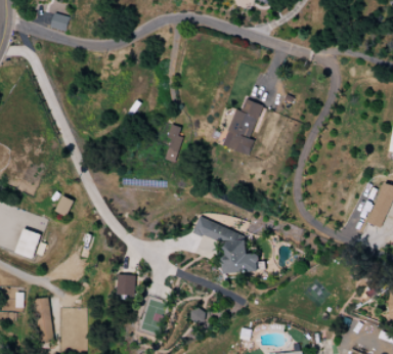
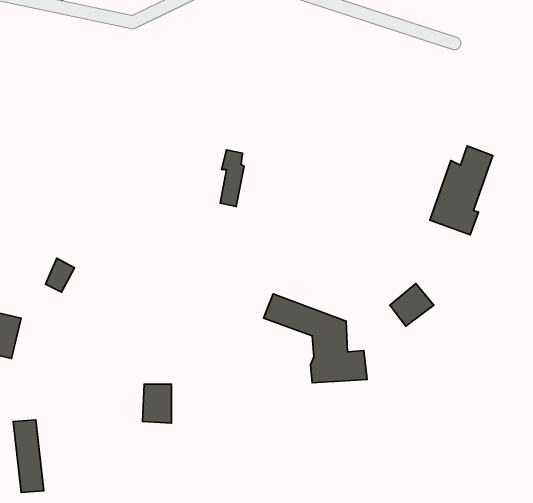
building: [221,98,261,154] -> [430,146,493,235]
building: none -> [390,284,434,326]

